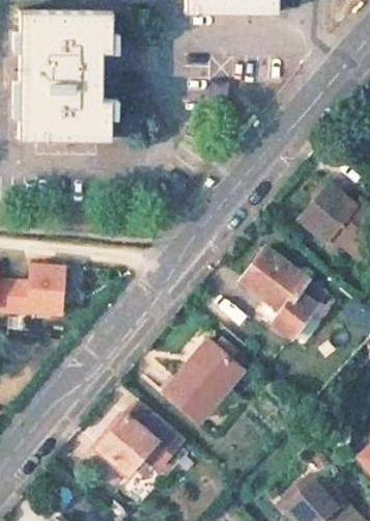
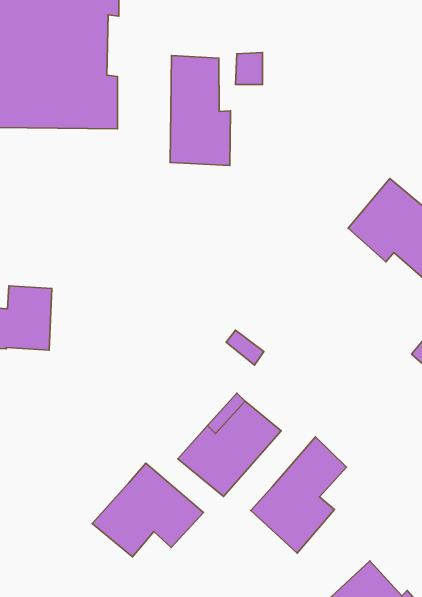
building: none -> [170,55,231,165]
building: [234,251,321,334] -> none
building: none -> [251,437,347,553]

